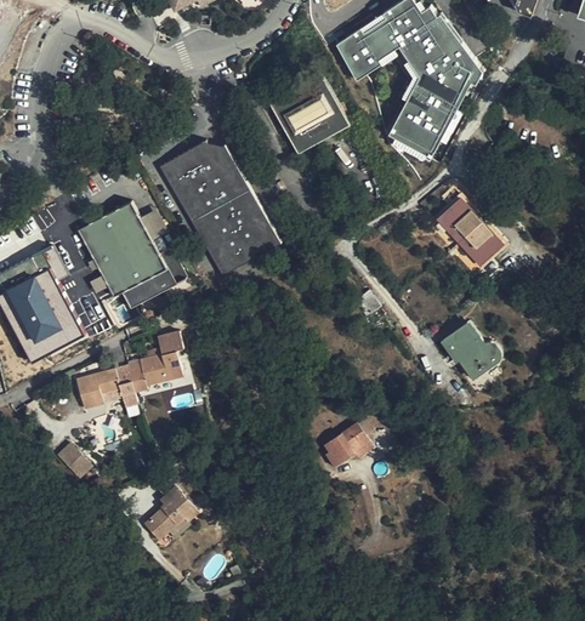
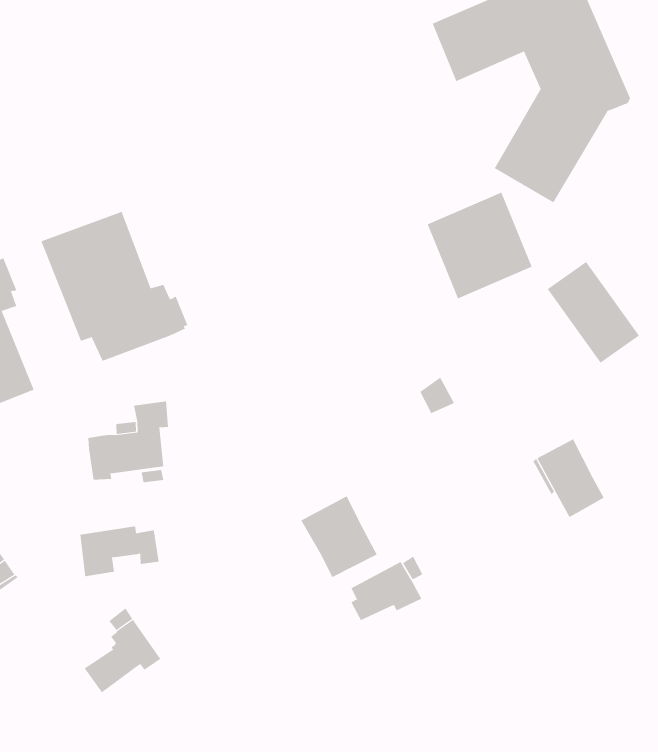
building: [271,73,348,152] -> [427,192,533,299]
building: [159,139,282,277] -> none
building: [76,369,135,409] -> [79,526,159,577]
building: none -> [301,495,377,578]

